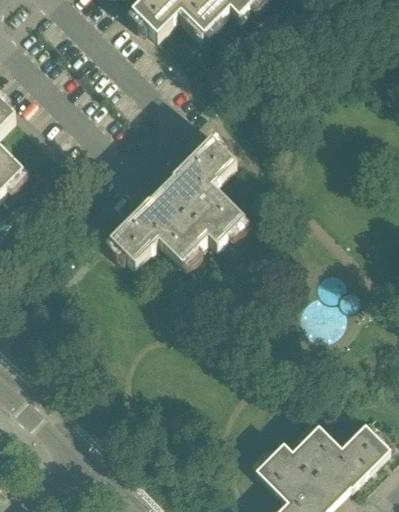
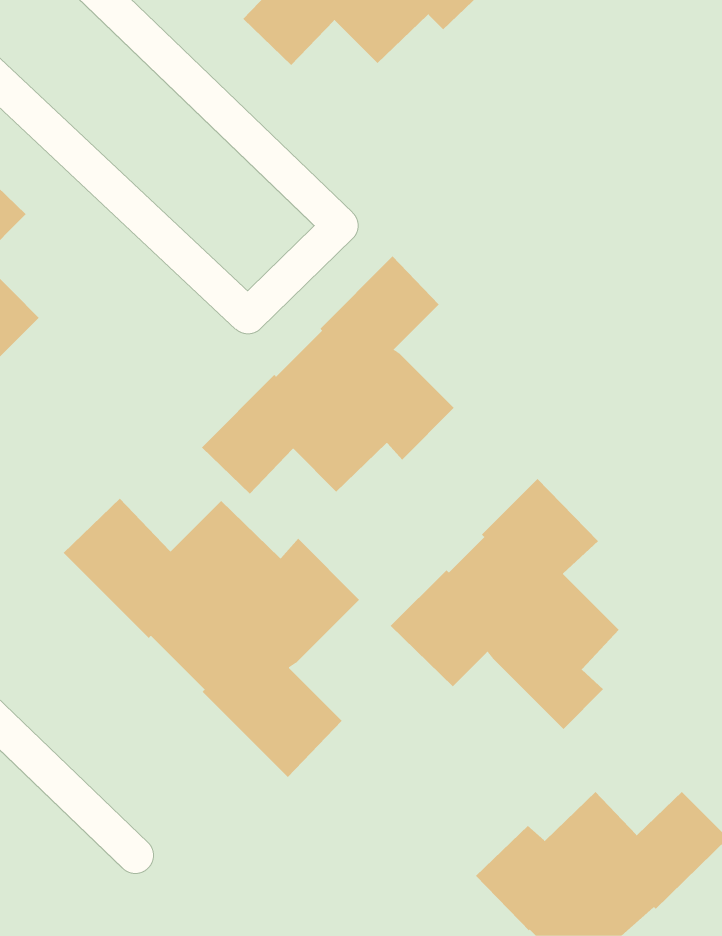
building: none -> [390,478,620,730]
building: none -> [63,498,360,778]

